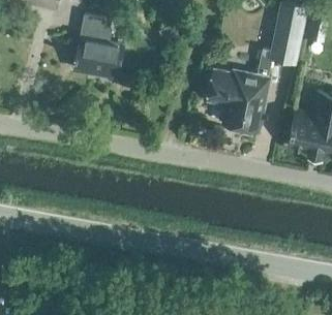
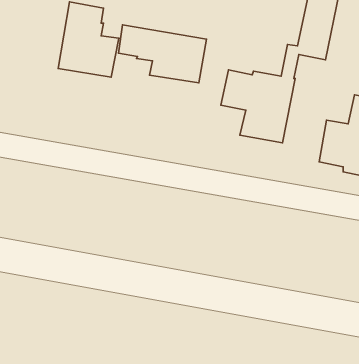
building: none -> [118,25,207,83]

